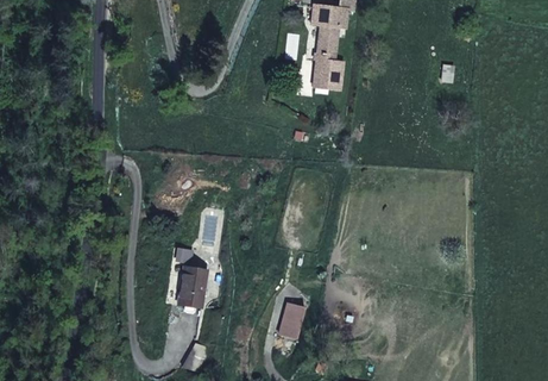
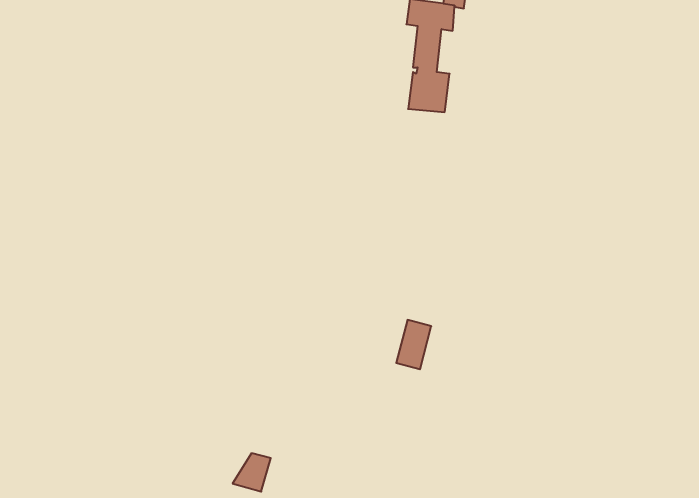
building: [176,266,208,308] -> none
building: [279,302,306,339] -> [396,320,431,369]

